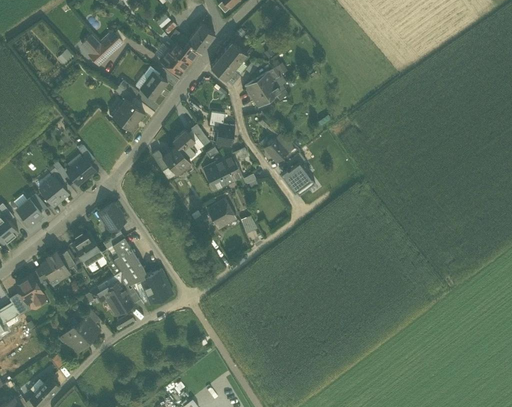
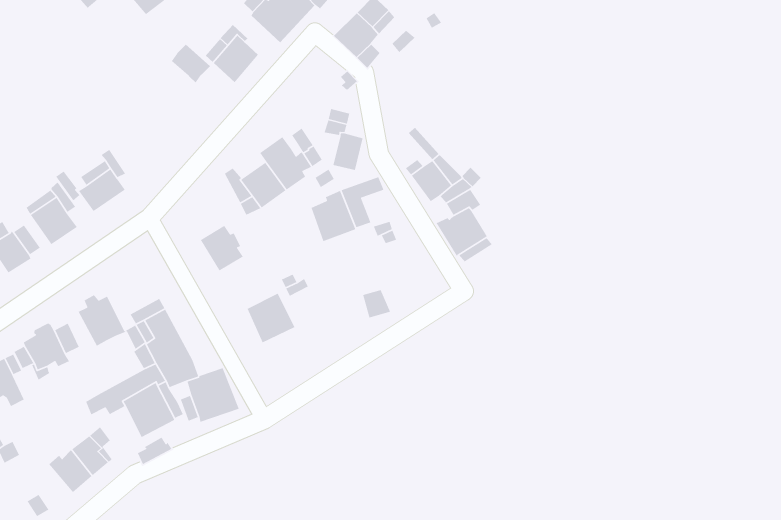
building: [244,63,289,108] -> none
building: [112,99,144,129] -> none
building: [207,199,237,230] -> [246,292,295,343]
building: [98,204,125,232] -> [200,225,244,272]

